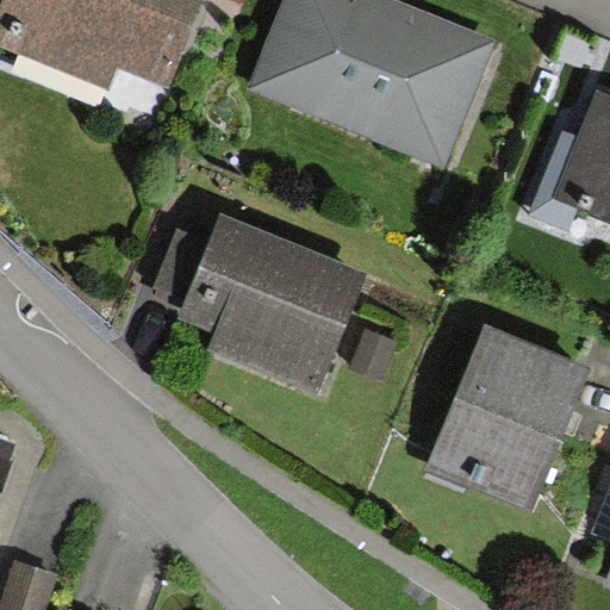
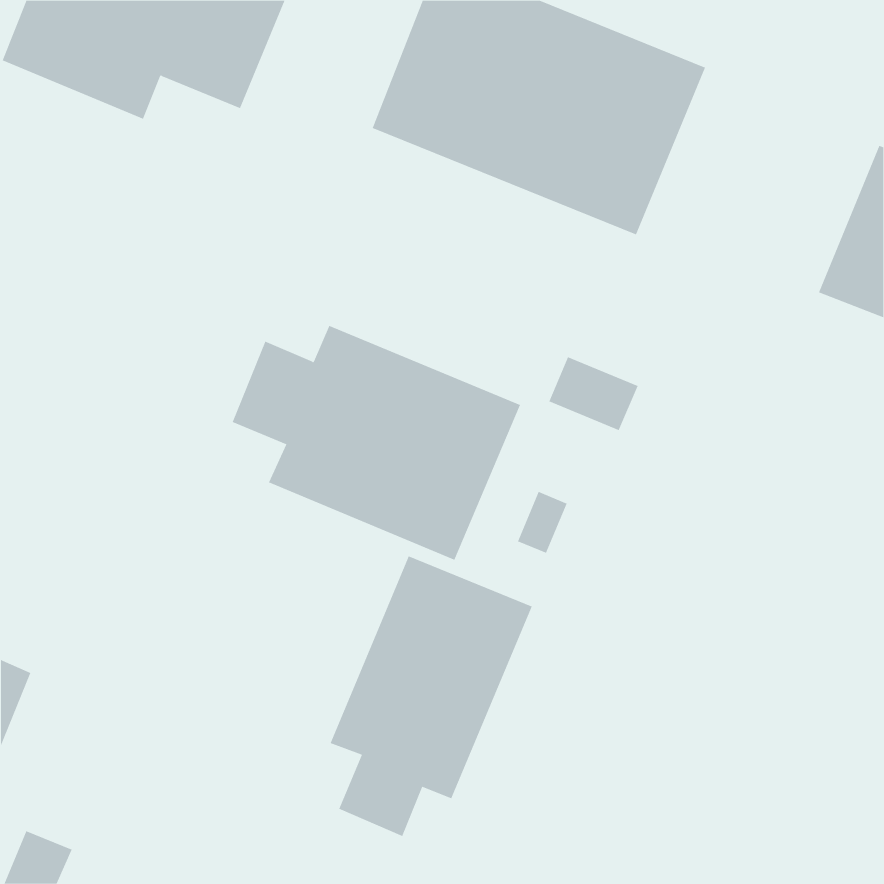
building: [438,338,578,506] -> none
building: none -> [330,555,532,837]

